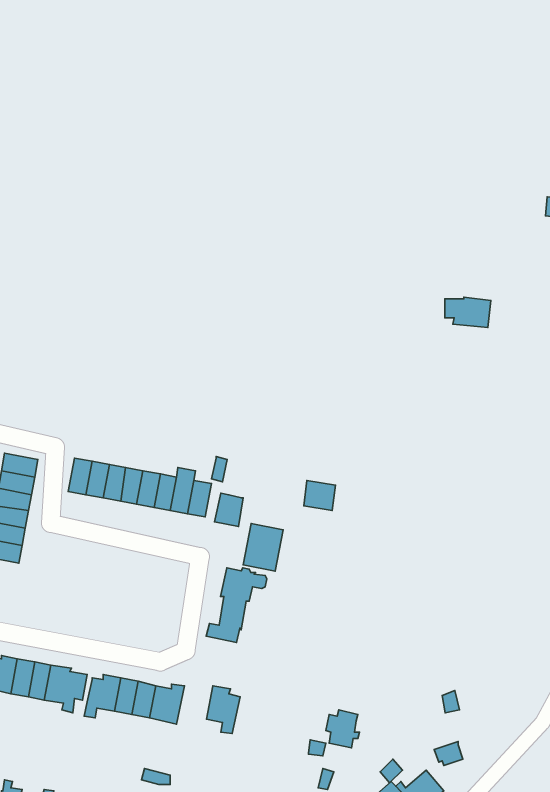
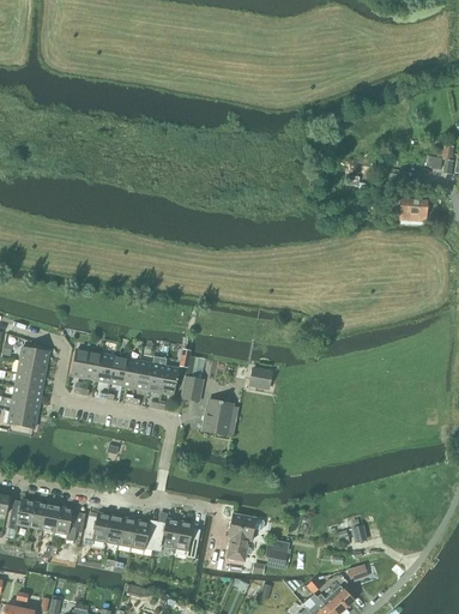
building: [445,297,491,328] -> [393,199,428,222]
building: [206,568,267,643] -> [218,514,264,571]
building: none -> [152,519,180,552]

